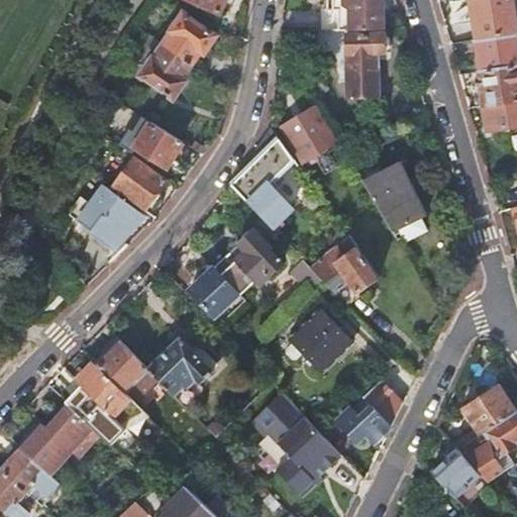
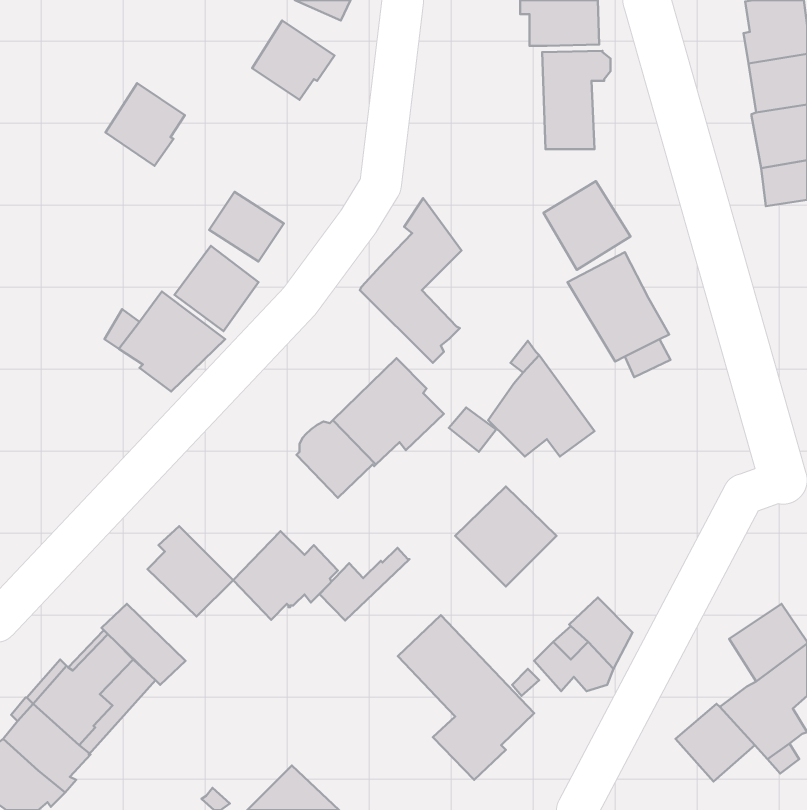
building: [140,43,191,96] -> [105,83,185,166]
building: [281,106,336,163] -> [543,181,631,270]
building: none -> [319,548,409,620]
building: [75,363,144,425] -> none

